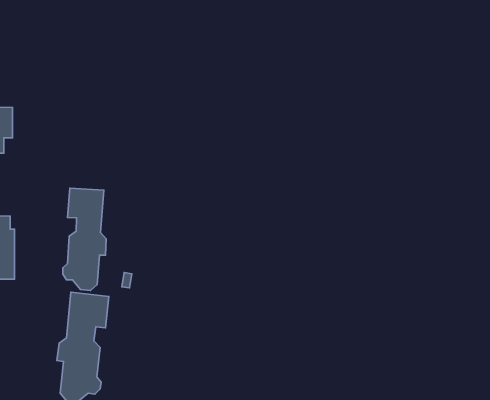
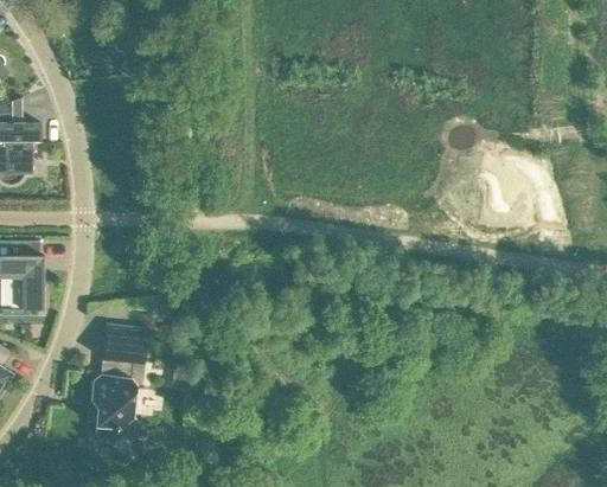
building: [63,188,106,290] -> none

